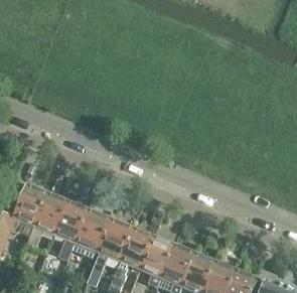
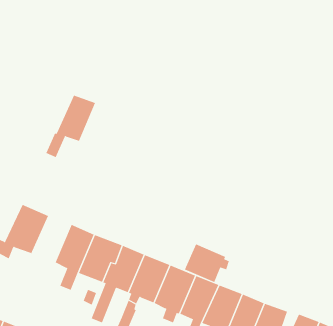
building: [25,194,68,249] -> [46,95,96,158]
building: none -> [184,244,229,283]

